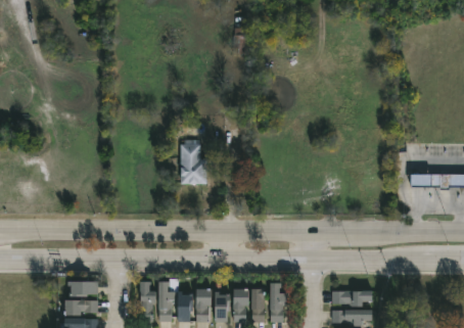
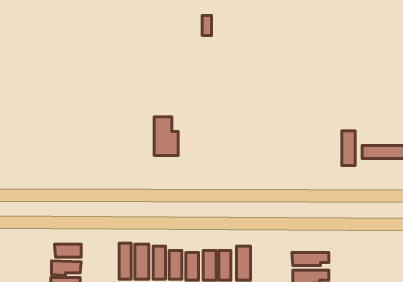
building: none -> [342,131,355,166]

